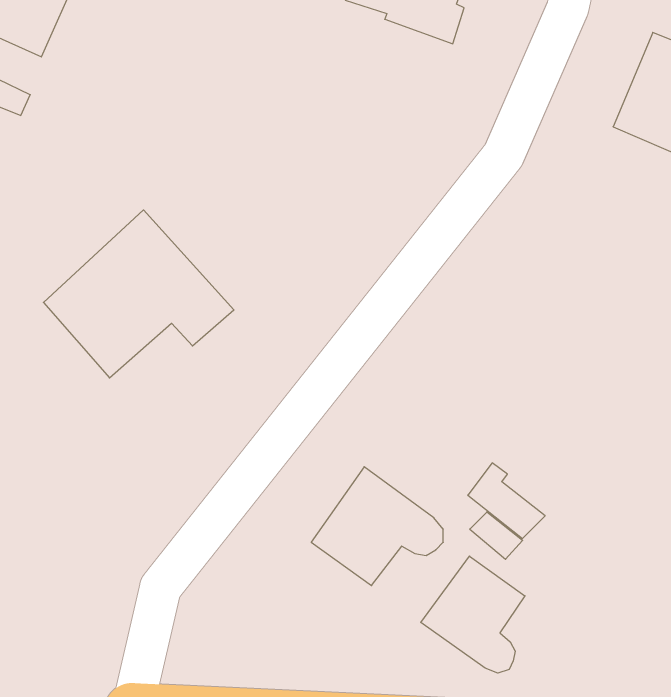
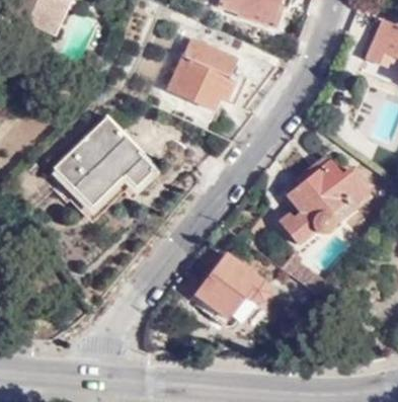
building: none -> [169,37,238,106]
building: none -> [280,164,368,244]
building: [421,556,525,673] -> none

